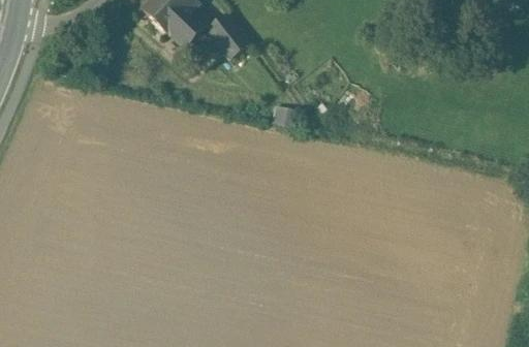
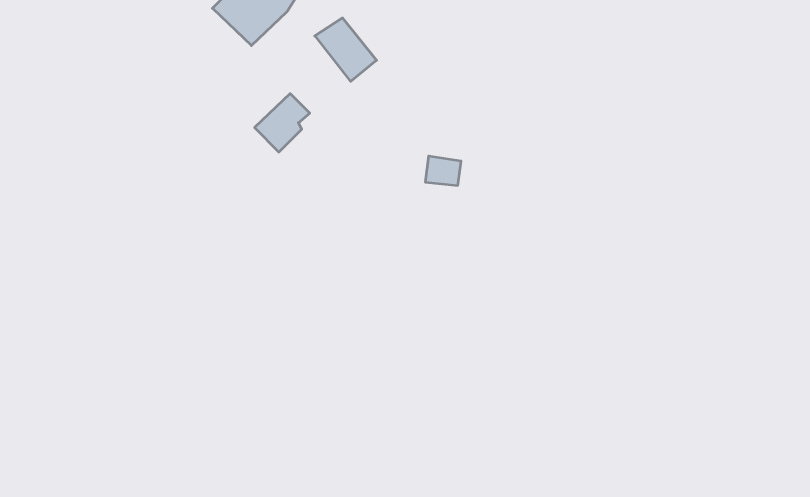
building: [167,9,203,46] -> [255,94,310,152]

